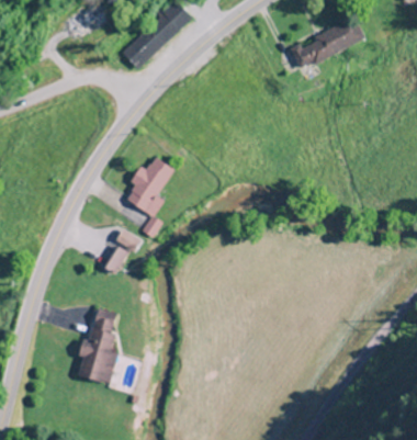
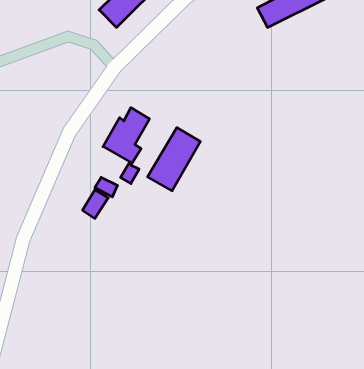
building: none -> [148,128,200,191]
building: [77,308,119,385] -> none

